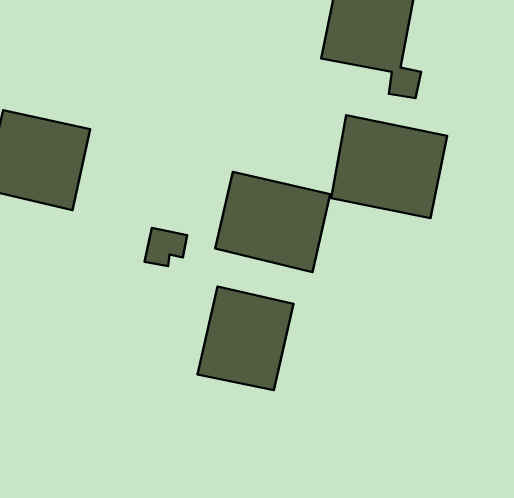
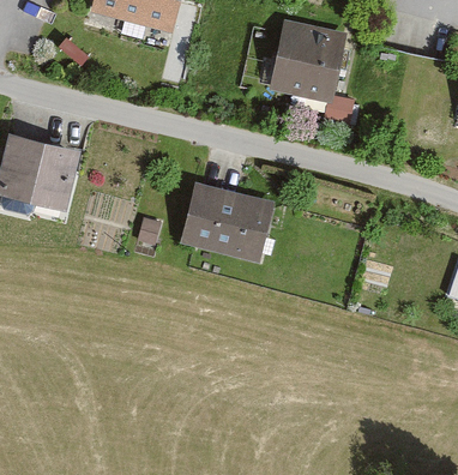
building: [331,115,447,218] -> none
building: [198,287,293,390] -> none

